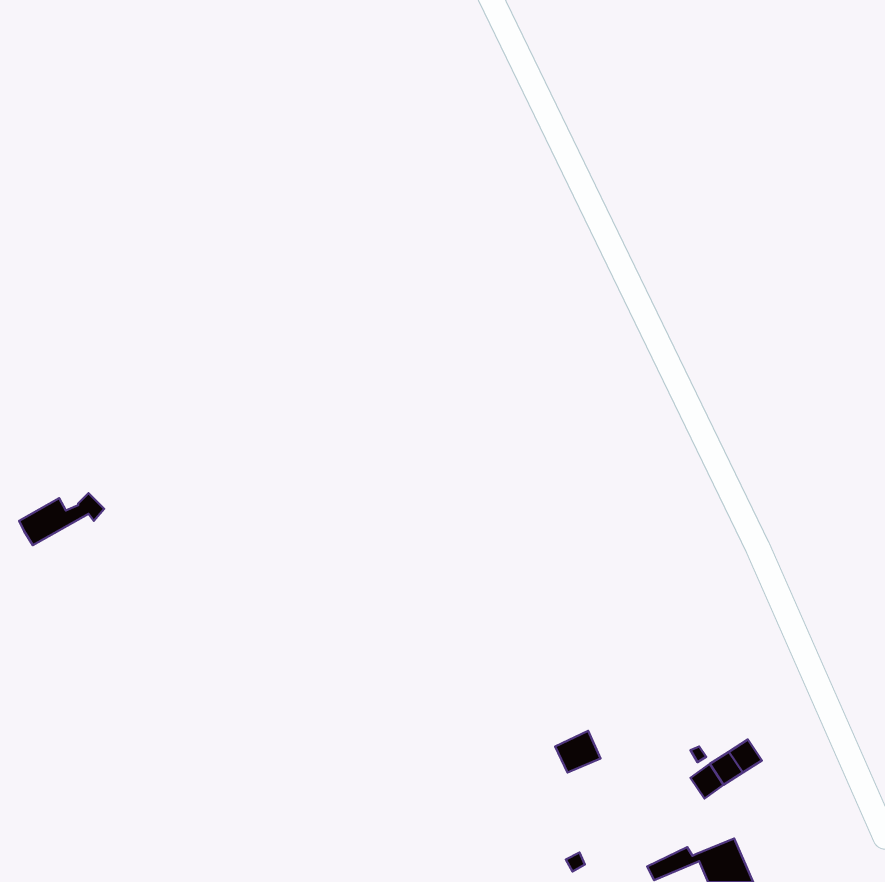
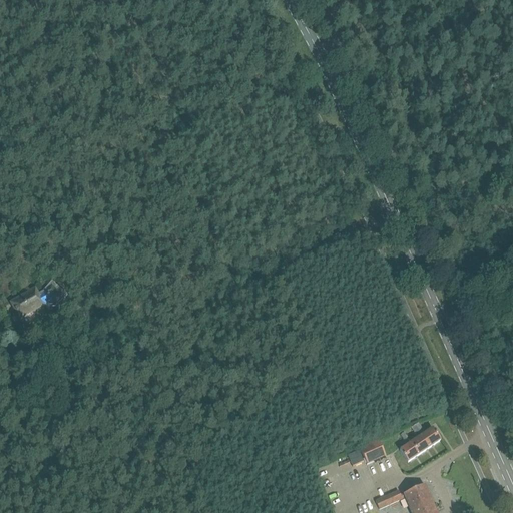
building: [555,731,600,772] -> [359,439,385,463]

